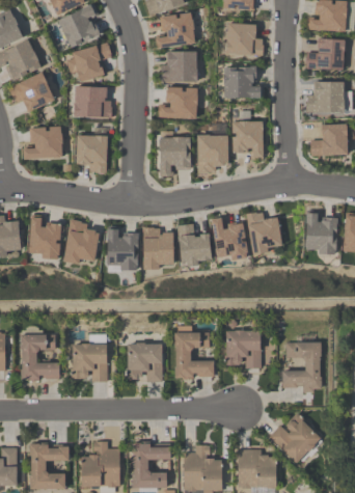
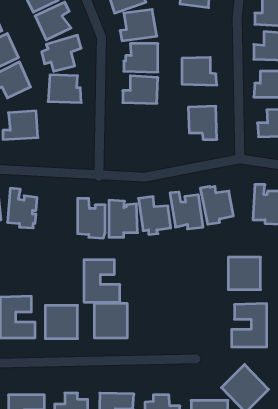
building: [224,23,264,55] -> none
building: [76,135,106,172] -> none
building: [196,135,228,172] -> none
building: [159,137,190,175] -> none
building: [62,219,99,264] -> none
building: [174,332,215,380] -> [84,260,120,302]
building: [224,332,261,368] -> [228,257,261,290]

